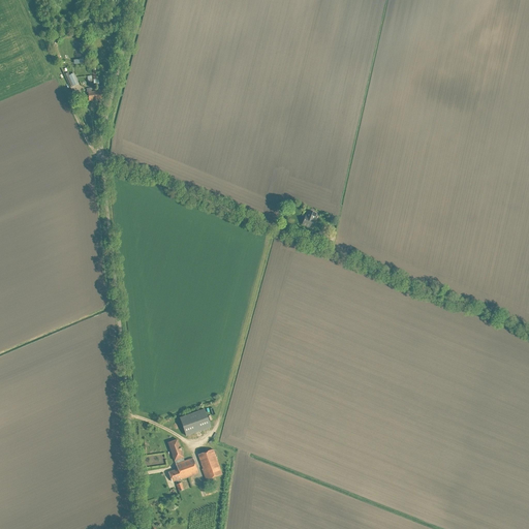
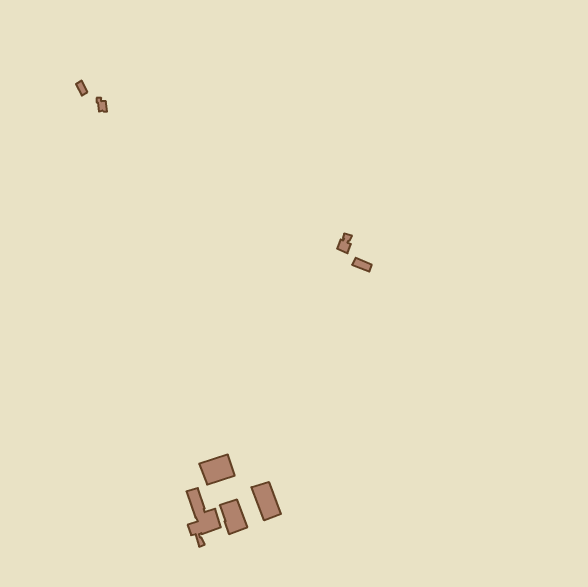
building: none -> [251,482,281,520]

